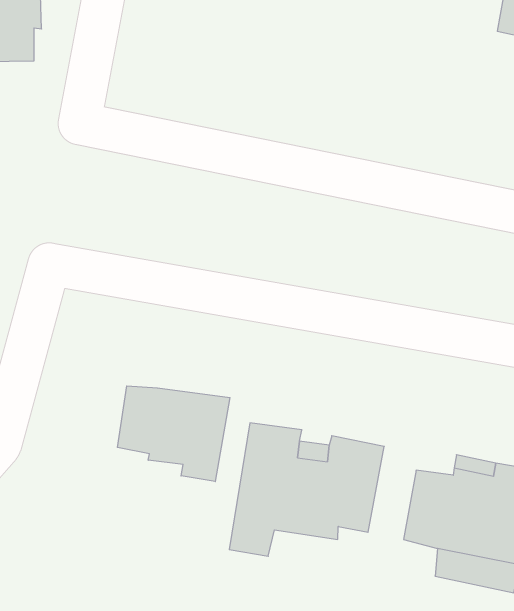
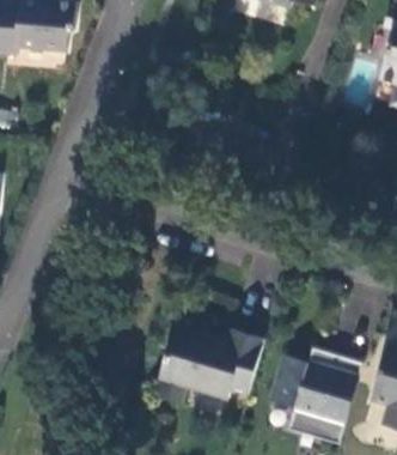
building: [117,386,230,482] -> none

